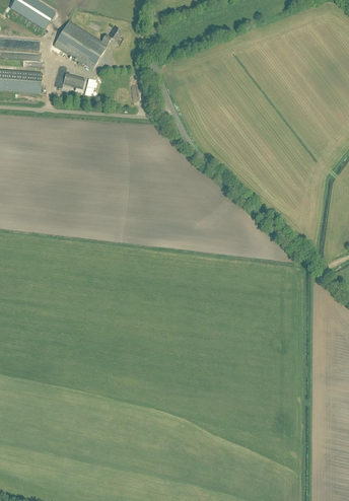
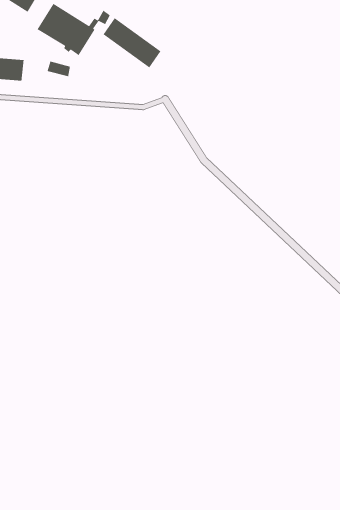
building: none -> [103,17,162,69]

